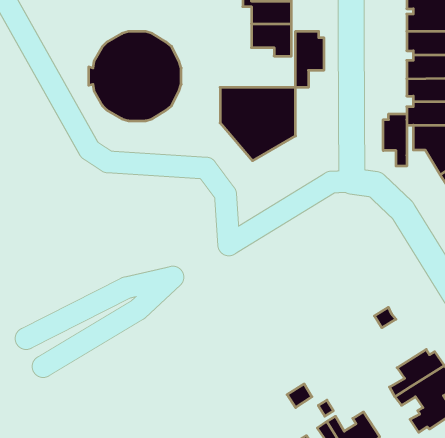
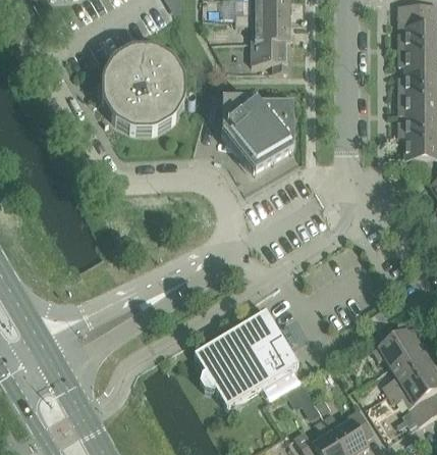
building: [296,31,324,87] -> none
building: [383,114,407,166] -> none
building: none -> [195,311,298,408]
building: none -> [367,324,420,366]

